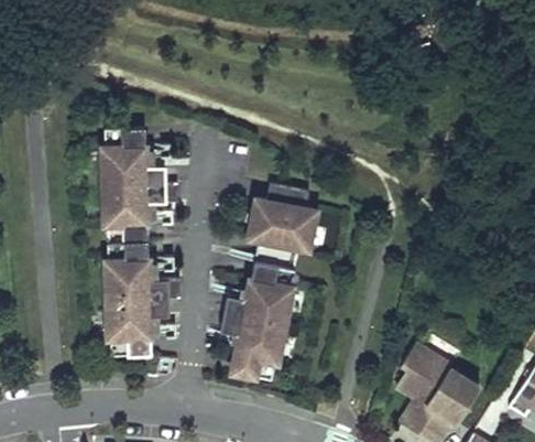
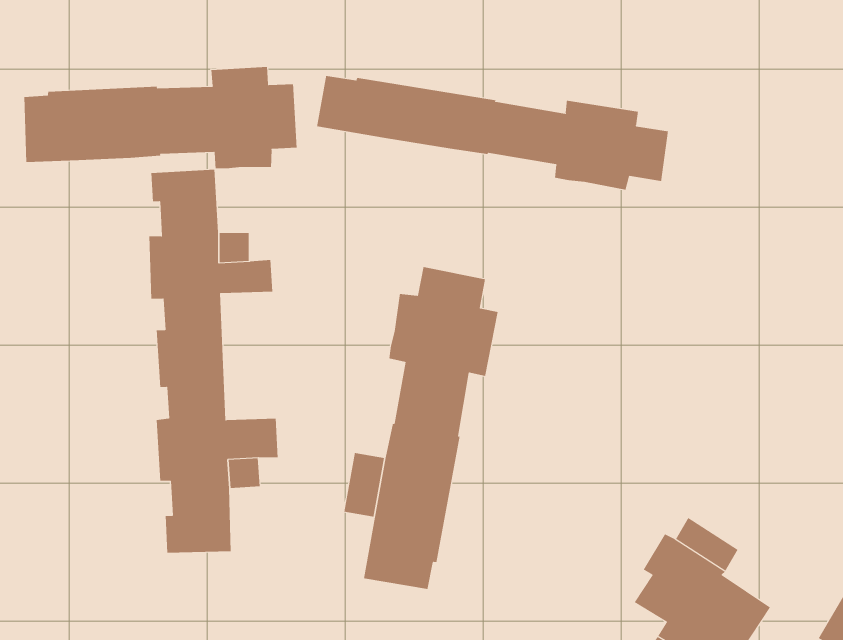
building: none -> [24,66,297,169]
building: none -> [317,75,668,191]

